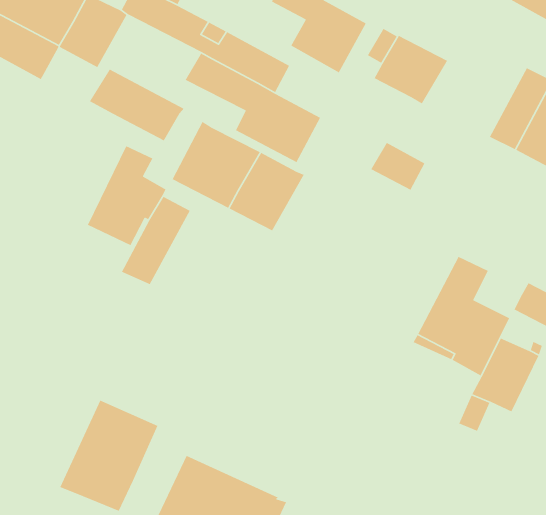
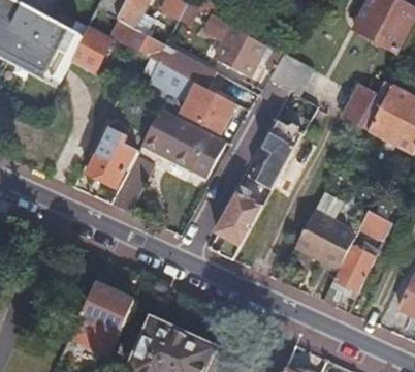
building: [89,68,185,142] -> none
building: none -> [256,137,293,189]
building: none -> [216,185,263,258]

